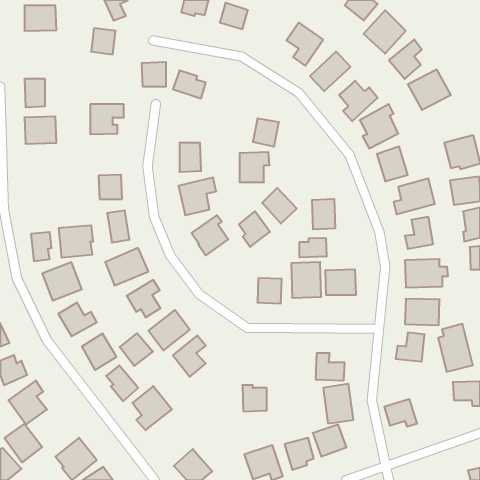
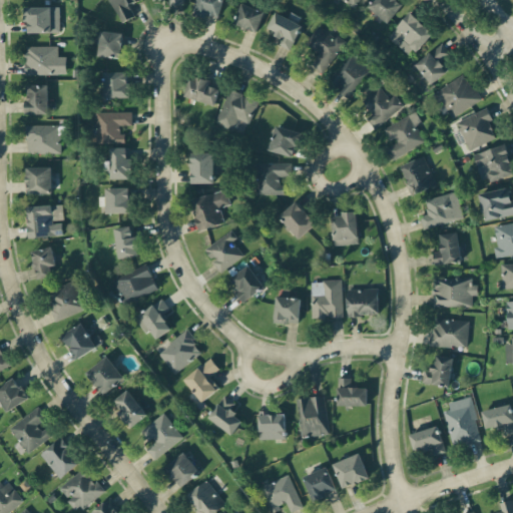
building: none -> [268,13,301,49]
building: none -> [25,45,66,74]
building: [142,62,166,87] -> [103,71,129,97]
building: none -> [215,88,259,129]
building: none -> [455,107,496,150]
building: none -> [109,147,132,179]
building: none -> [26,166,52,193]
building: [239,211,270,247] -> [231,265,265,303]
building: [59,225,93,257] -> [27,203,64,237]
building: [300,238,327,257] -> none
building: [438,324,473,372] -> [444,396,481,447]
building: [120,333,153,366] -> none
building: none -> [208,395,243,435]
building: [323,384,353,423] -> [297,395,329,437]
building: none -> [163,451,200,488]
building: [4,424,42,462] -> [40,438,80,479]

